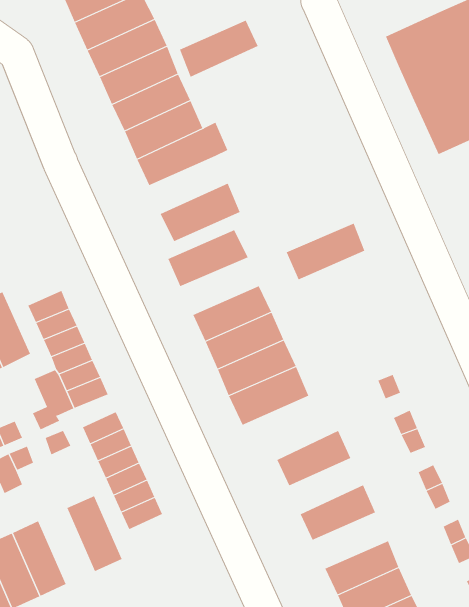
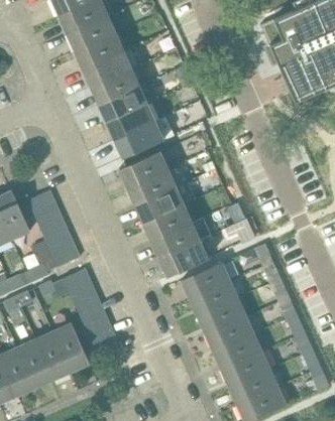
building: [179,20,258,77] -> [106,103,157,140]
building: [286,223,365,280] -> [126,168,178,205]
building: none -> [180,262,229,299]
building: none -> [197,298,245,334]
building: none -> [34,330,71,380]
building: none -> [212,333,261,370]

